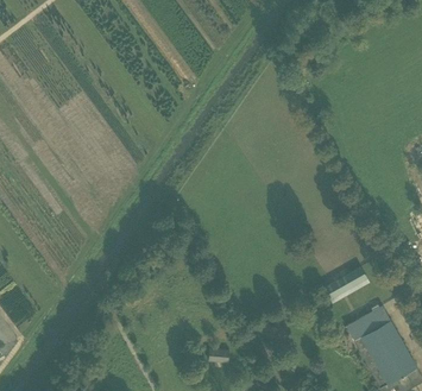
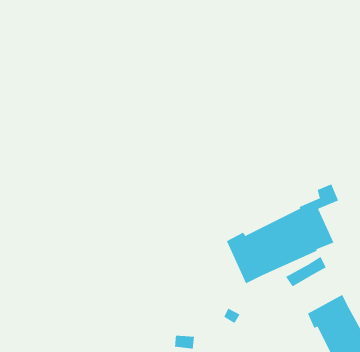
building: none -> [226,183,339,284]

